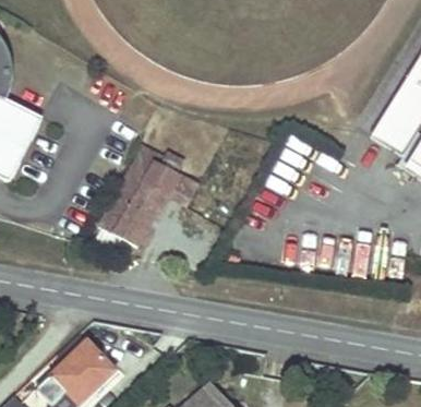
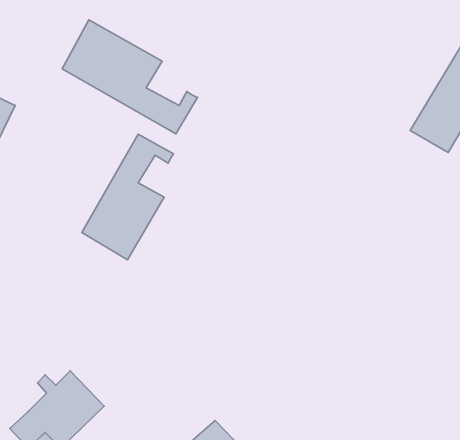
building: none -> [62,20,197,134]
building: [145,159,200,206] -> none

